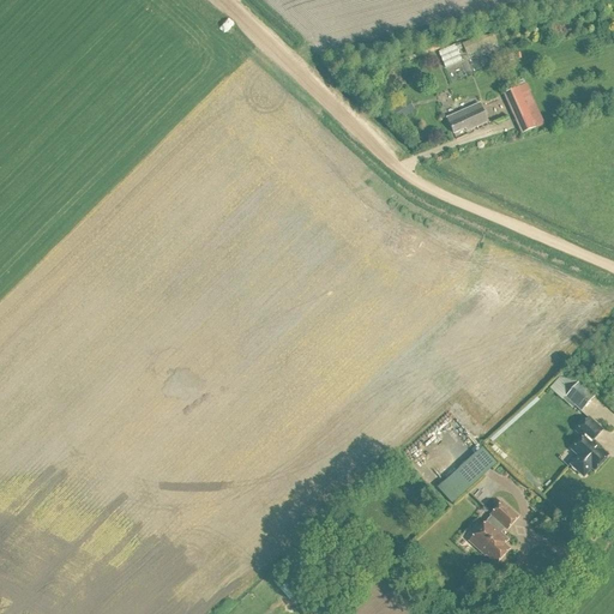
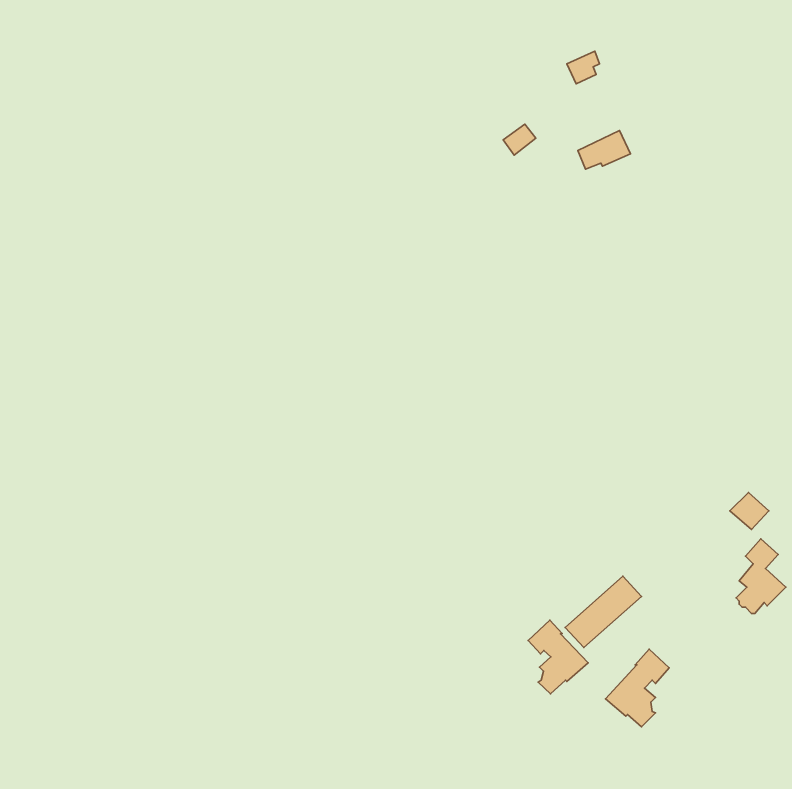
building: [501,82,544,132] -> none
building: none -> [528,620,588,694]

